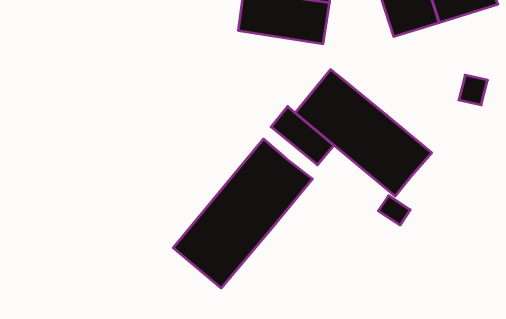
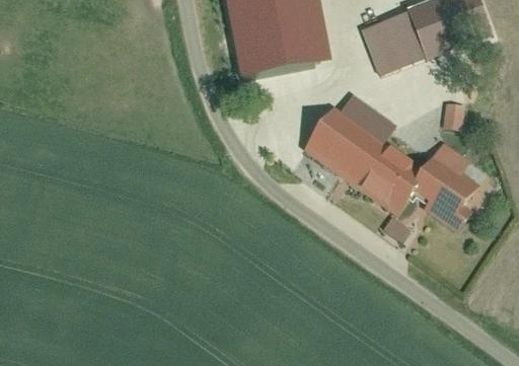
building: [271,106,334,165] -> [337,92,393,142]
building: none -> [406,140,478,229]
building: [173,139,312,288] -> none

